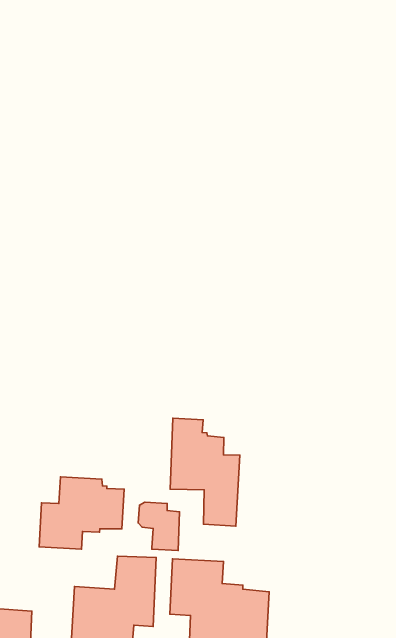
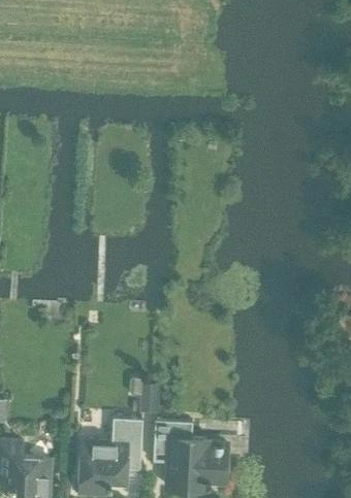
building: [170,418,240,526] -> none
building: [39,477,124,549] -> none

